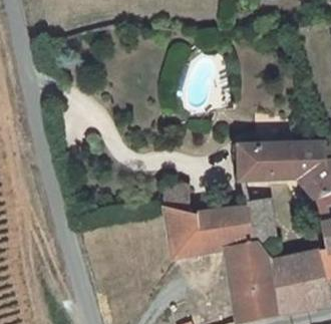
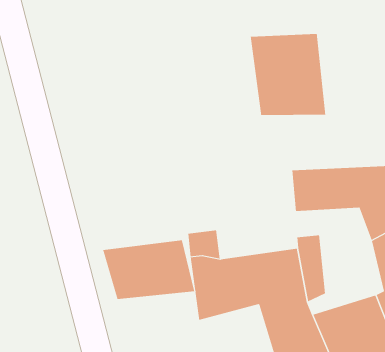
building: none -> [250,33,326,116]
building: none -> [103,239,195,300]

